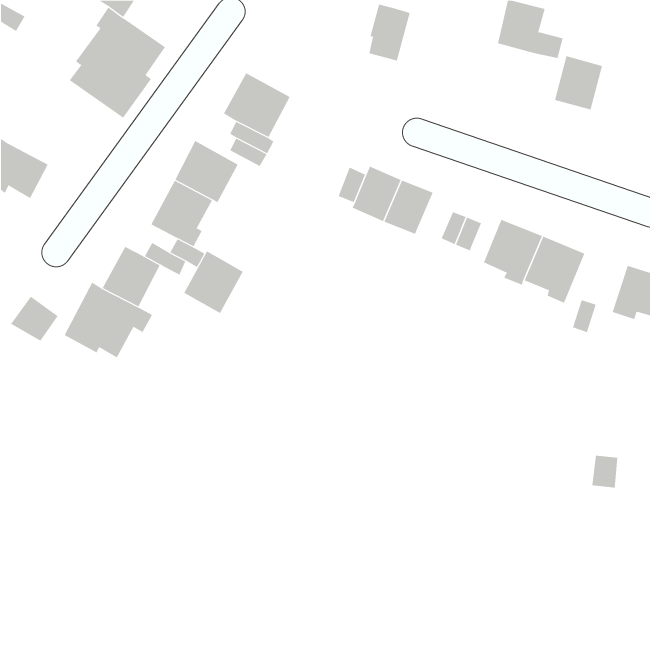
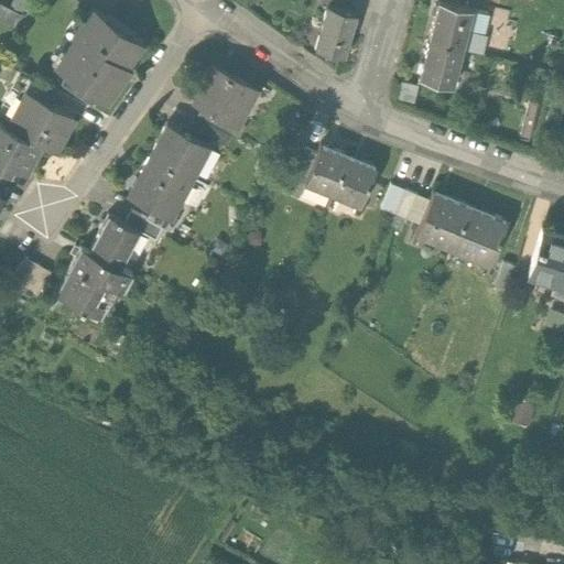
building: [554,55,603,110] -> [421,43,463,90]
building: none -> [8,94,75,154]
building: [184,251,243,314] -> none

